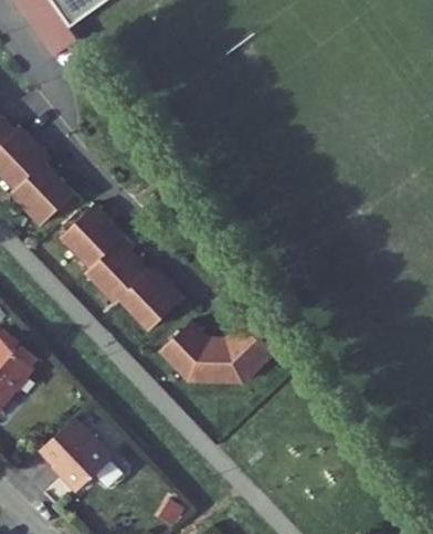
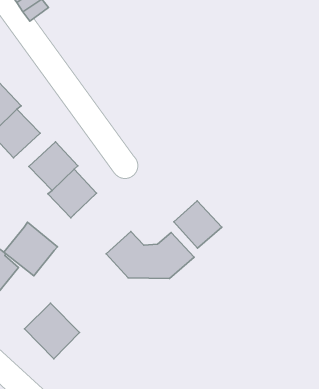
building: [114,265,177,328] -> none
building: none -> [174,201,222,248]
building: none -> [4,222,58,276]

